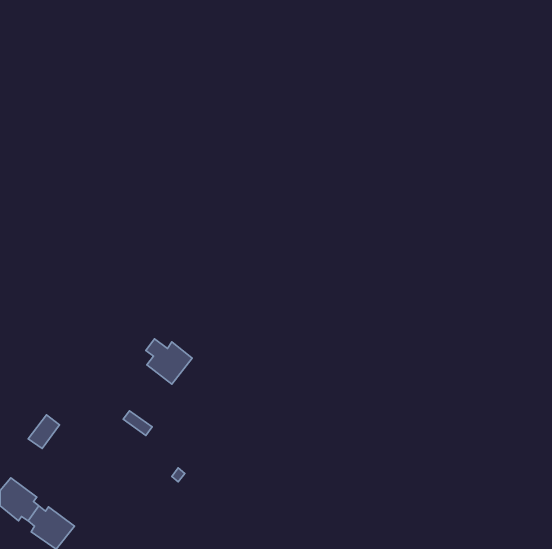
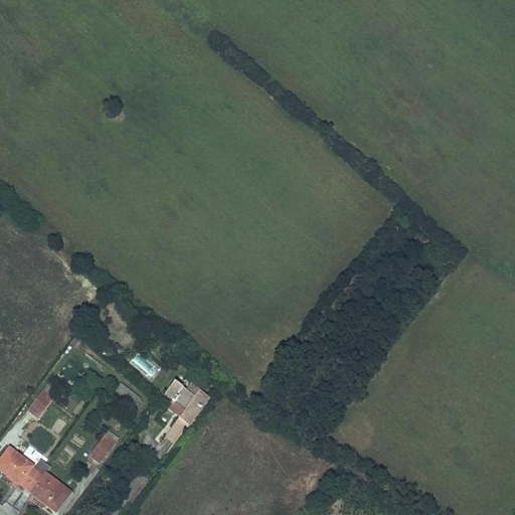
building: [146,339,192,384] -> [166,380,209,422]
building: none -> [89,434,116,462]

